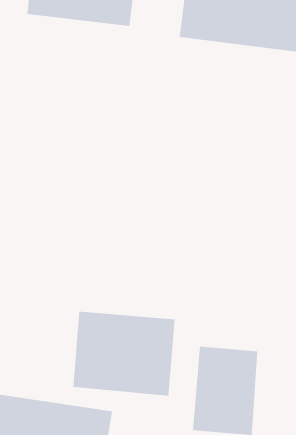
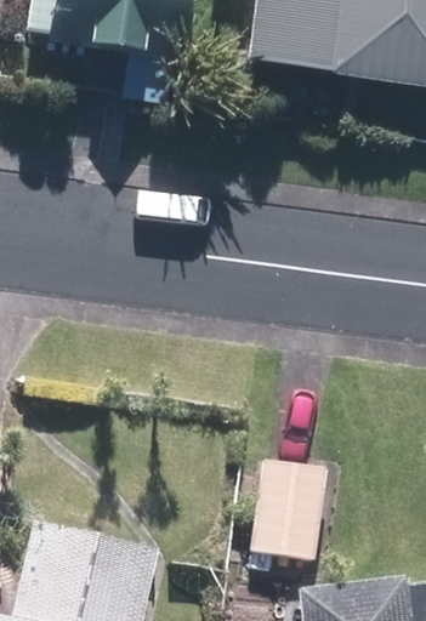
building: [73,311,175,397] -> none

